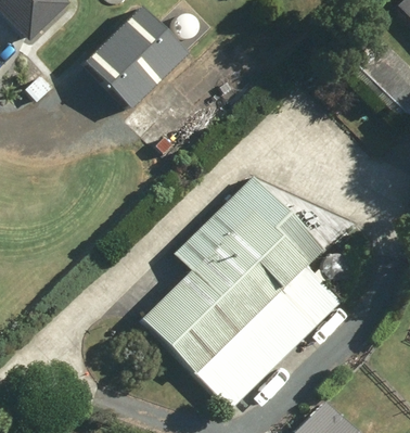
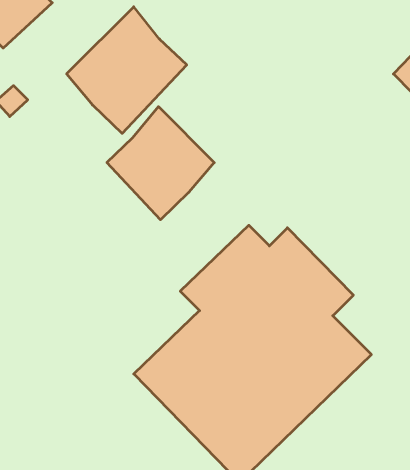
building: none -> [107,107,214,220]

